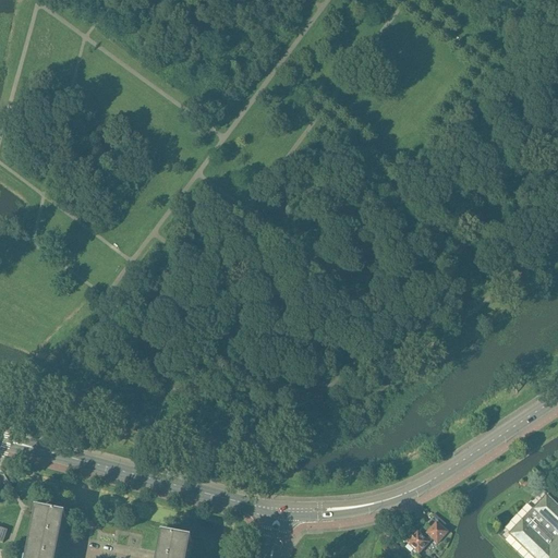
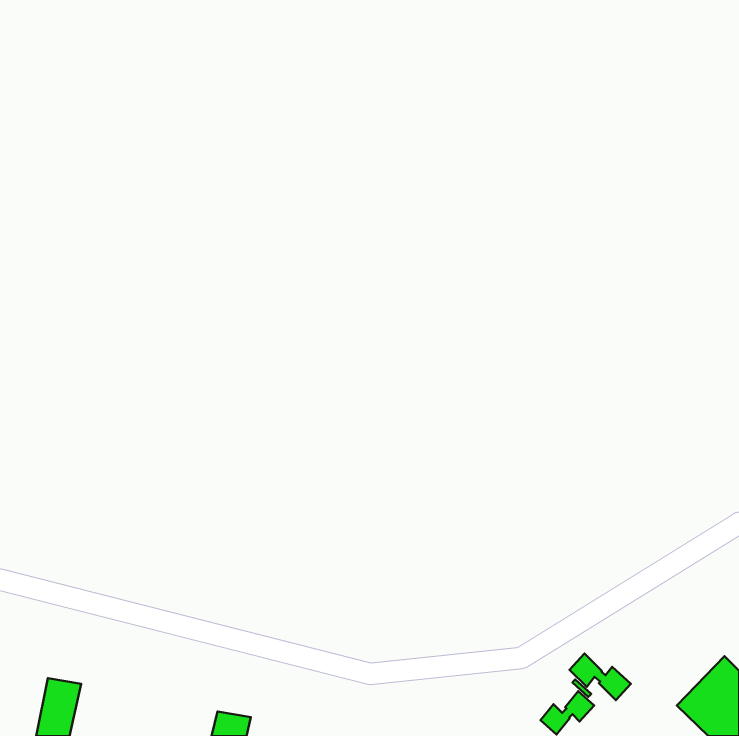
building: none -> [570,653,631,700]

